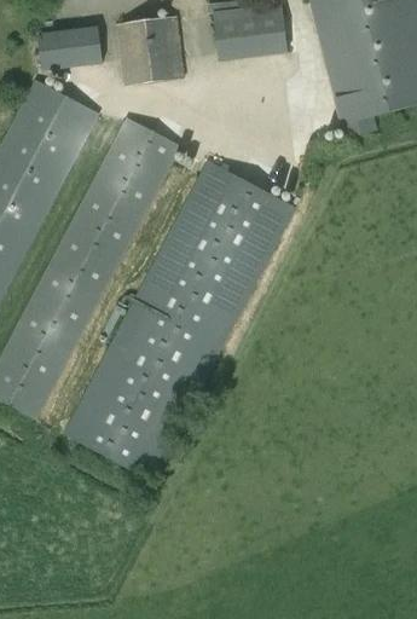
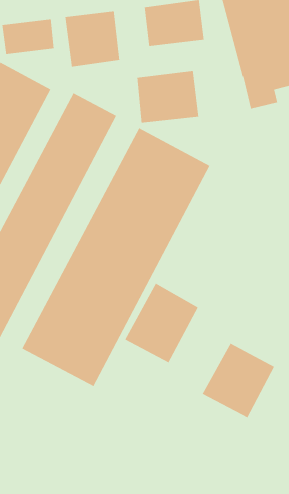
building: none -> [136,70,199,124]
building: none -> [124,283,199,364]
building: none -> [202,343,275,418]

